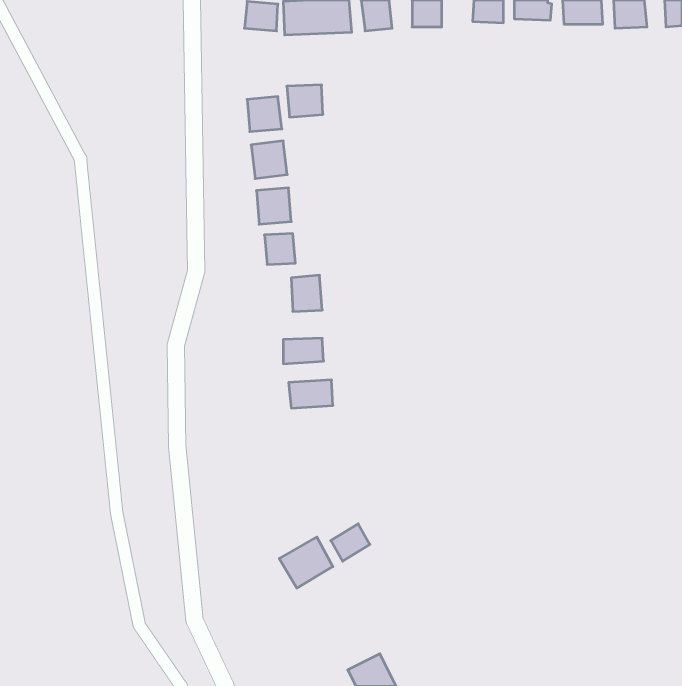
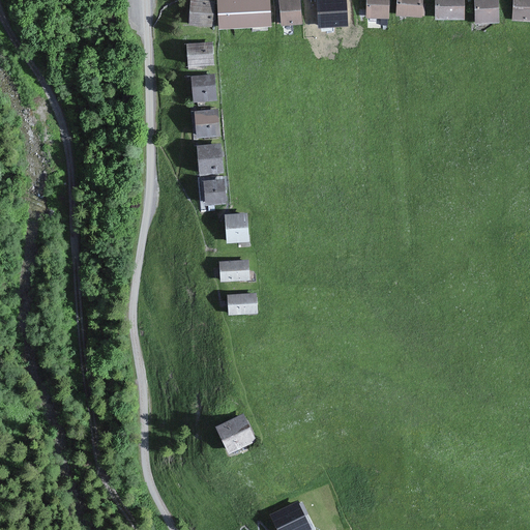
building: [287,85,323,117] -> [186,41,214,66]
building: [331,524,370,561] -> none

